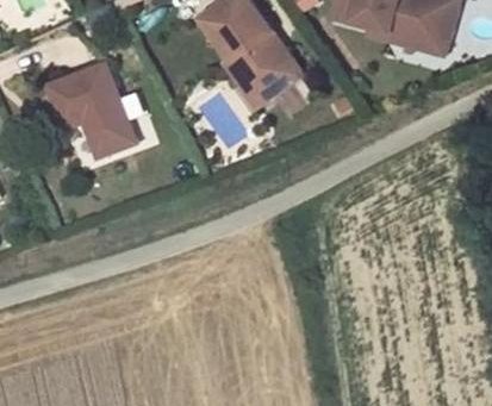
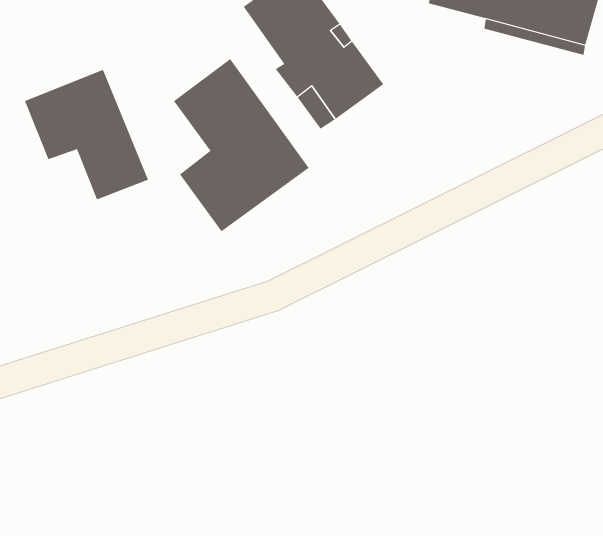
building: none -> [173,58,309,232]

